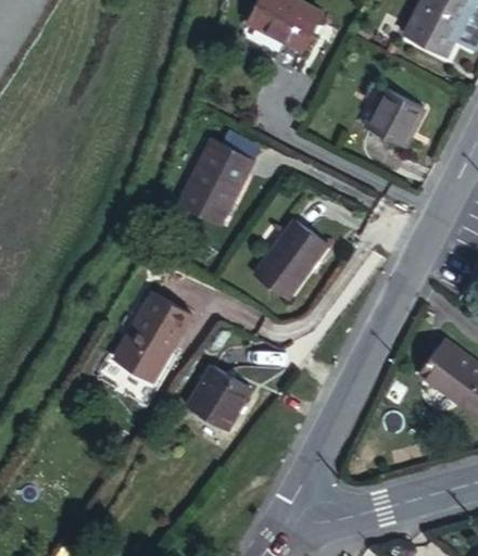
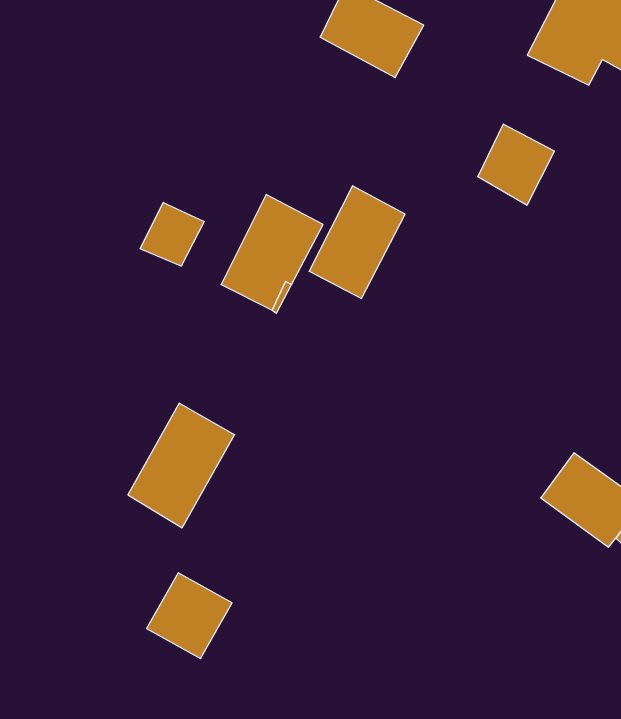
building: none -> [140,202,204,266]
building: [265,224,335,305] -> [309,186,405,298]
building: [189,364,251,426] -> [147,573,232,659]

